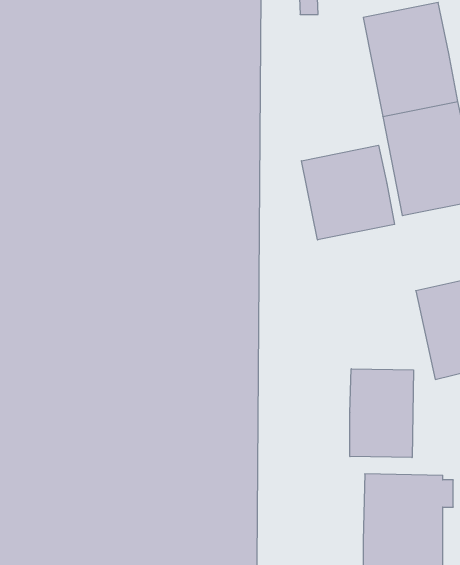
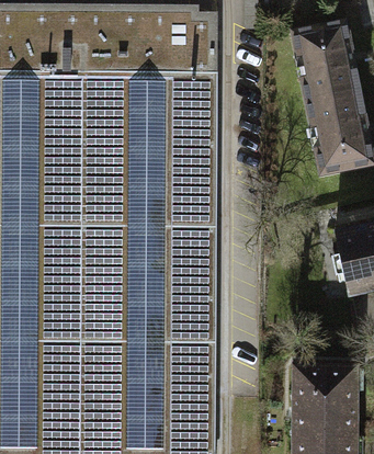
building: [301,145,395,240] -> none
building: [350,369,413,458] -> none

